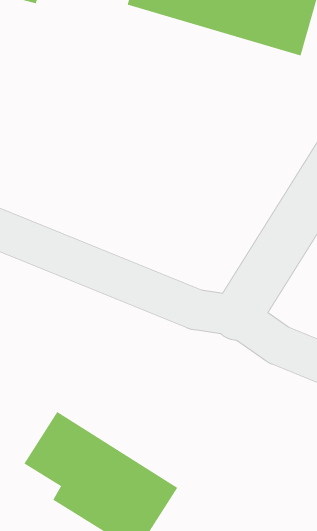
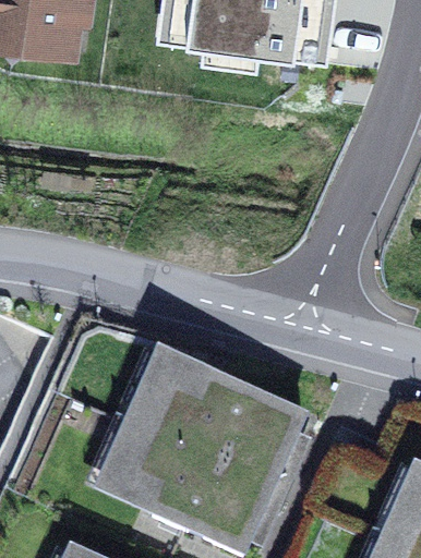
building: none -> [137,375,293,484]

